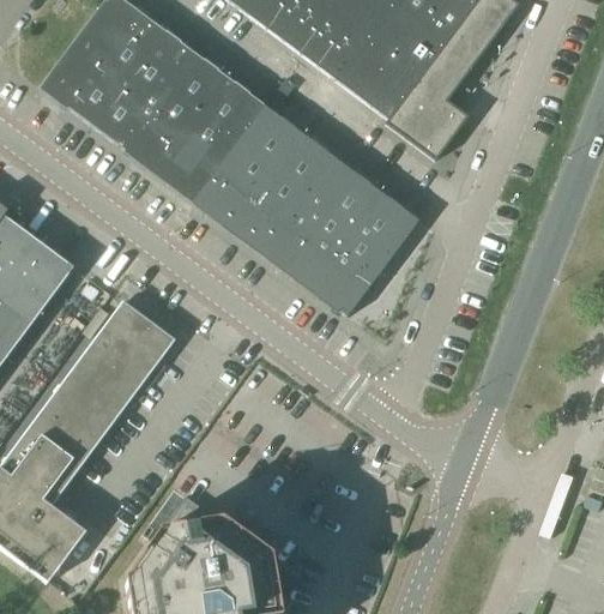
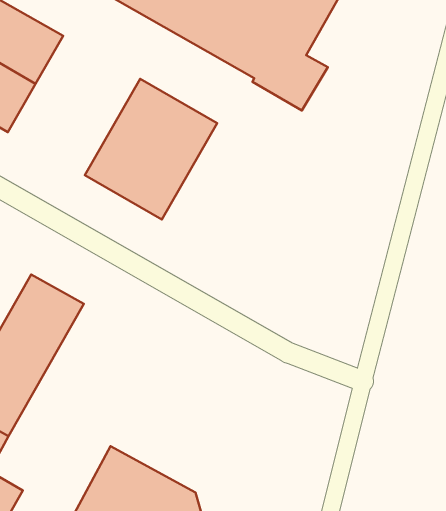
building: [115,47,264,199] -> none
building: [268,161,417,314] -> none

